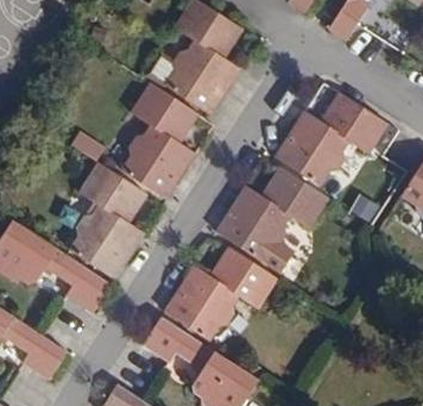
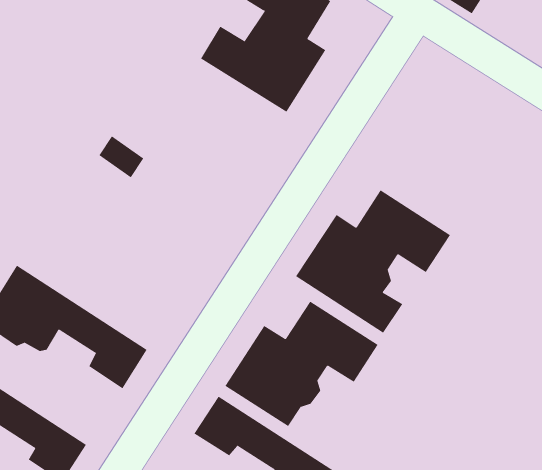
building: [120,83,197,196] -> none
building: [277,92,389,185] -> none
building: [69,163,146,277] -> none

